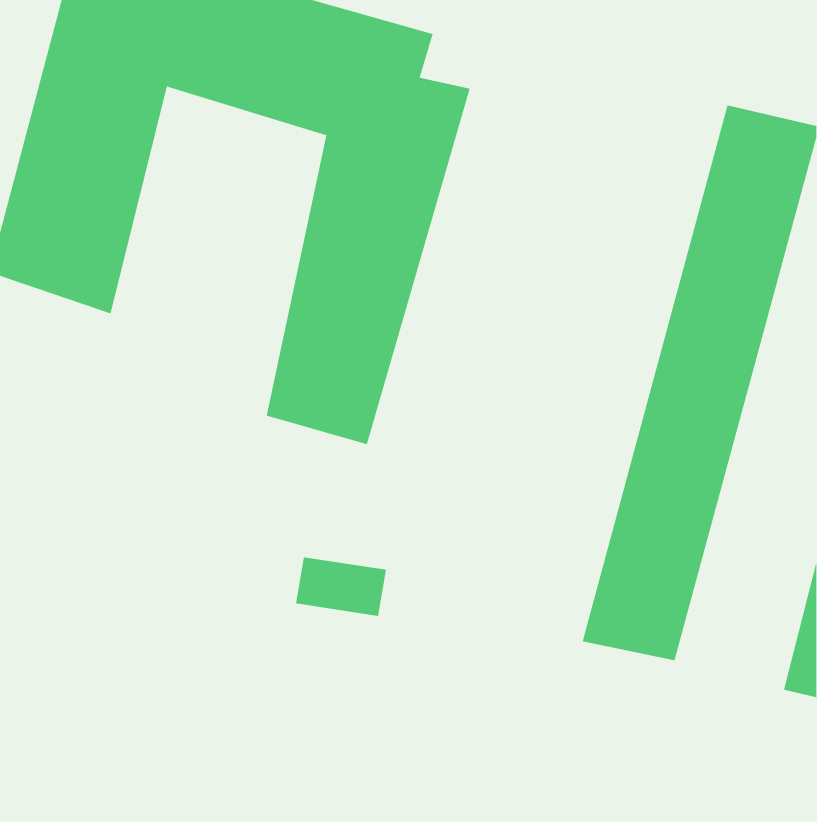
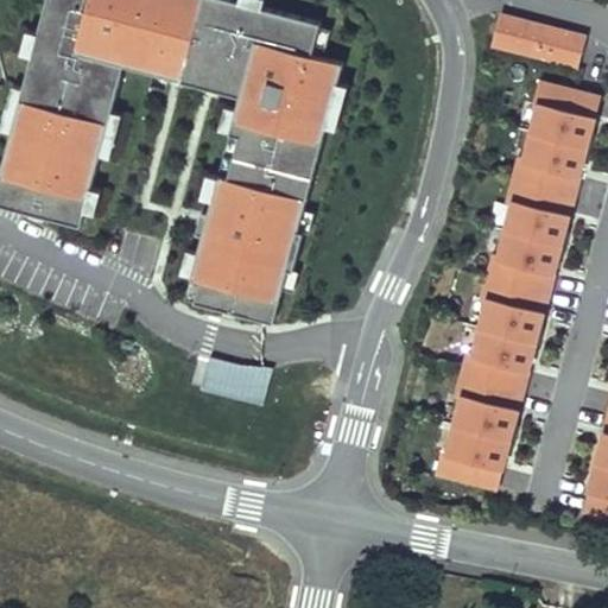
building: none -> [493,11,583,68]
building: [295,557,387,616] -> [201,355,268,399]

